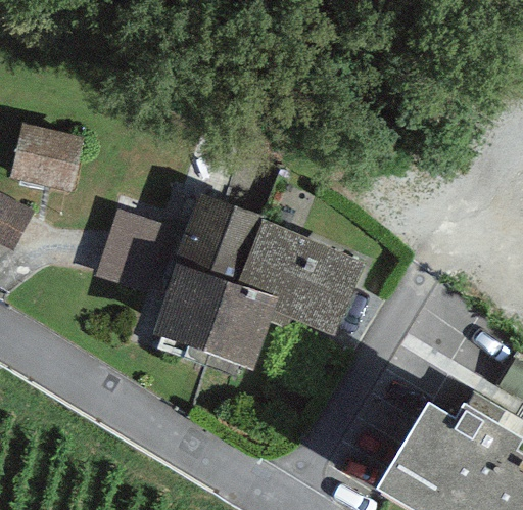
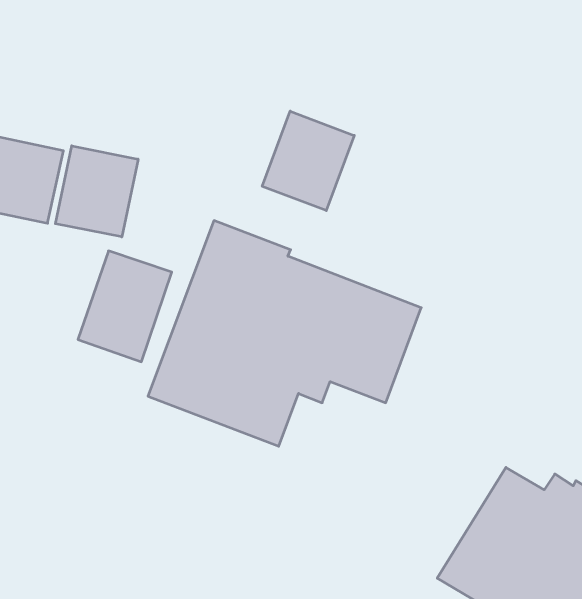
building: none -> [262,111,354,211]
building: none -> [55,146,138,237]

